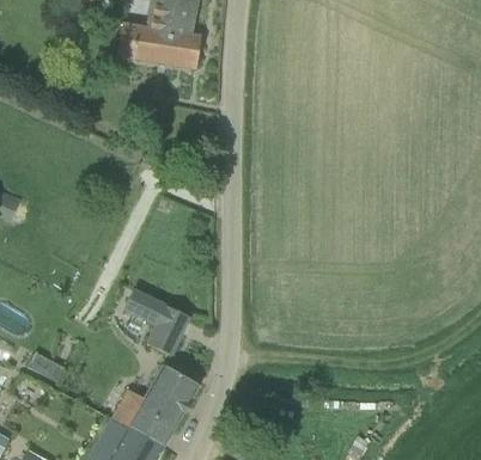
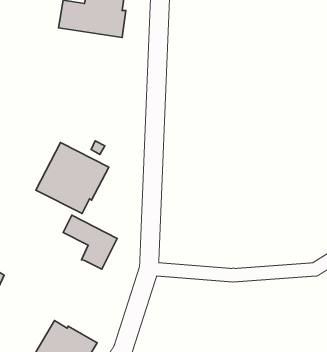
building: none -> [36,142,109,214]
building: [111,364,199,446] -> none

